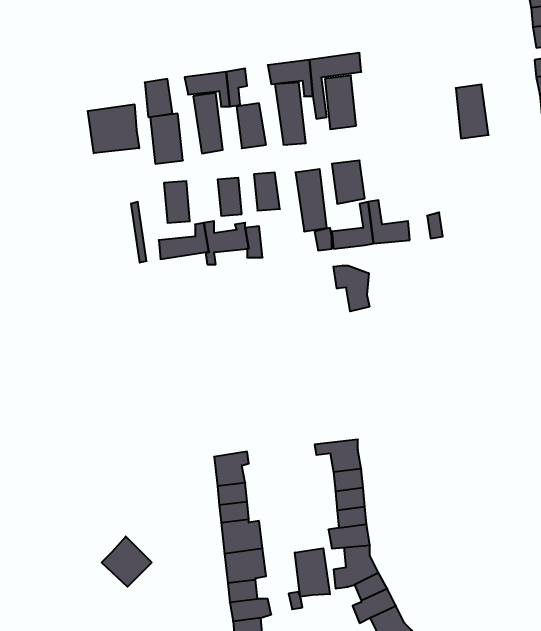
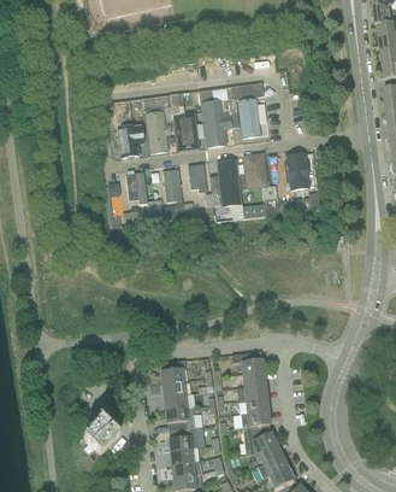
building: [456,85,489,138] -> [286,151,309,188]
building: [88,104,139,153] -> none
building: [333,265,369,311] -> none
building: [295,548,330,597] -> none

